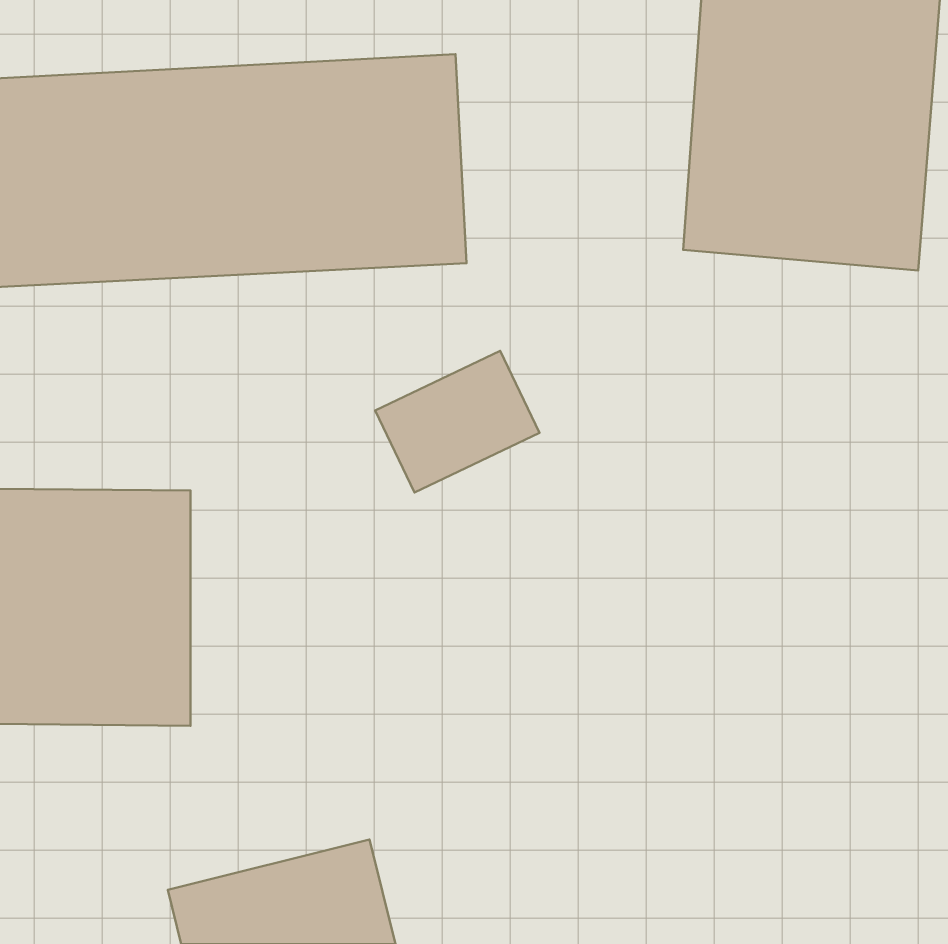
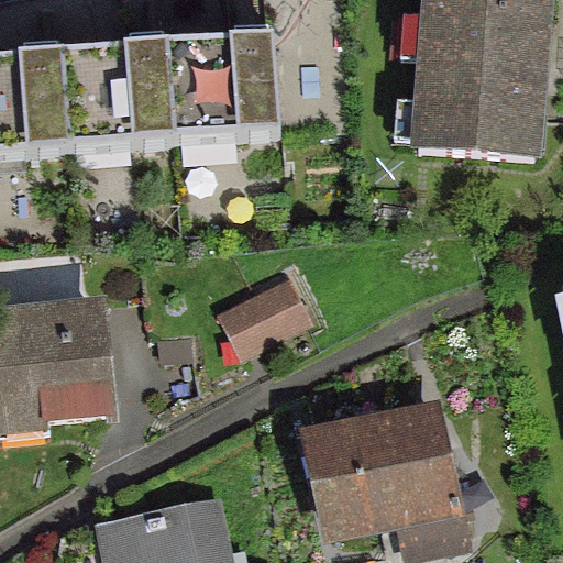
building: [375,351,539,493] -> [218,280,314,364]
building: none -> [307,398,459,547]

